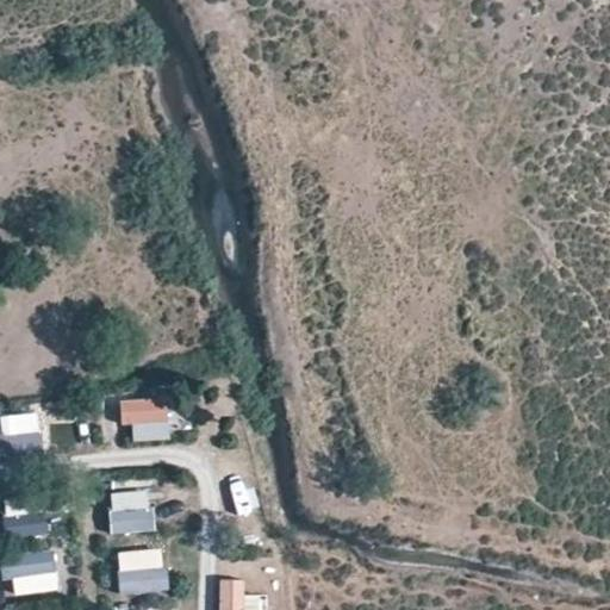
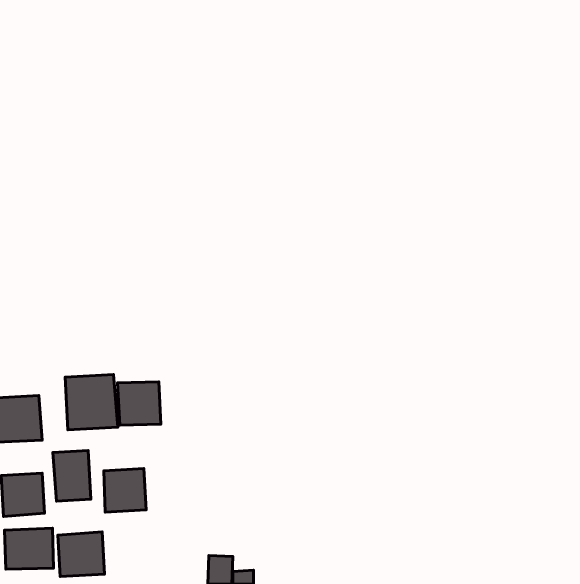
building: none -> [65,374,118,430]
building: none -> [53,451,91,501]
building: [116,548,164,595] -> [58,532,105,576]

